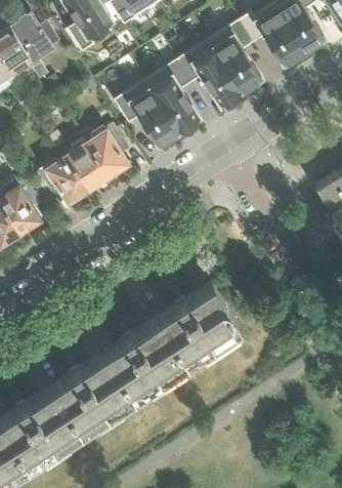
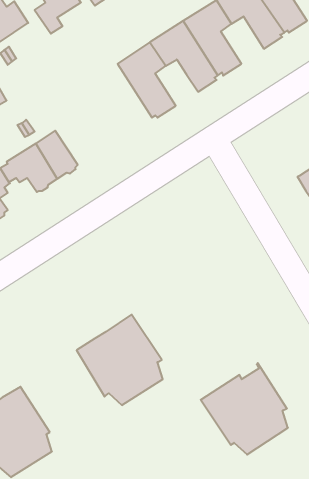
building: [113,80,177,147] -> none
building: [80,128,127,176] -> none
building: [158,284,241,371] -> [201,363,288,455]
building: [52,353,135,440] -> none

